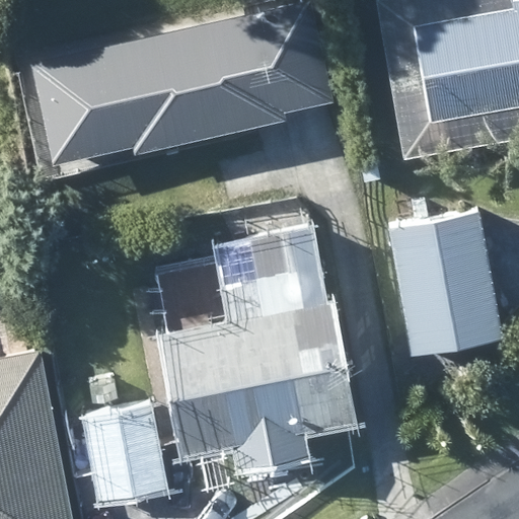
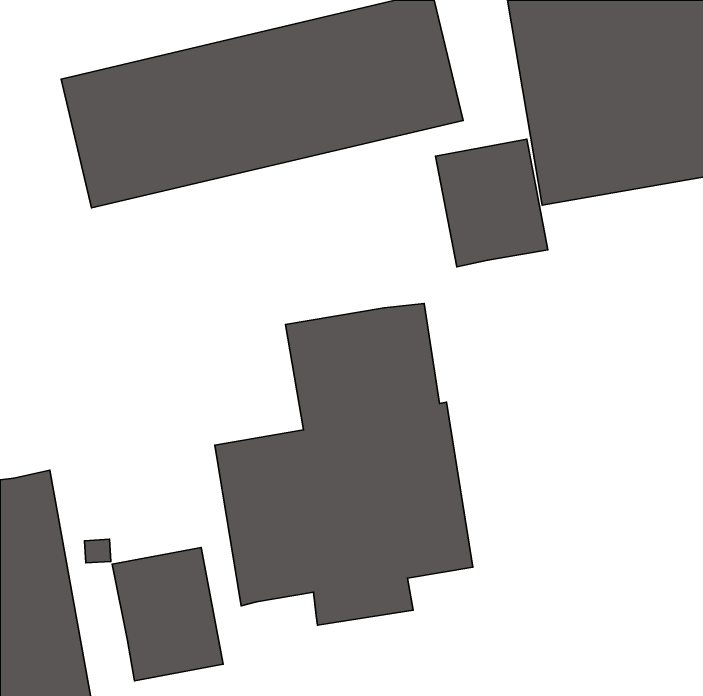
building: none -> [436,139,548,267]
building: [384,211,503,359] -> none

